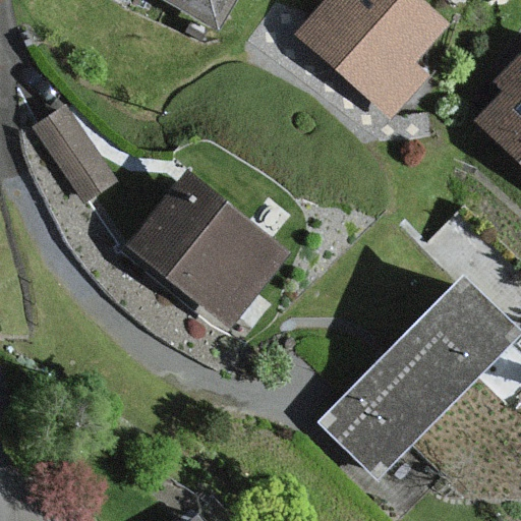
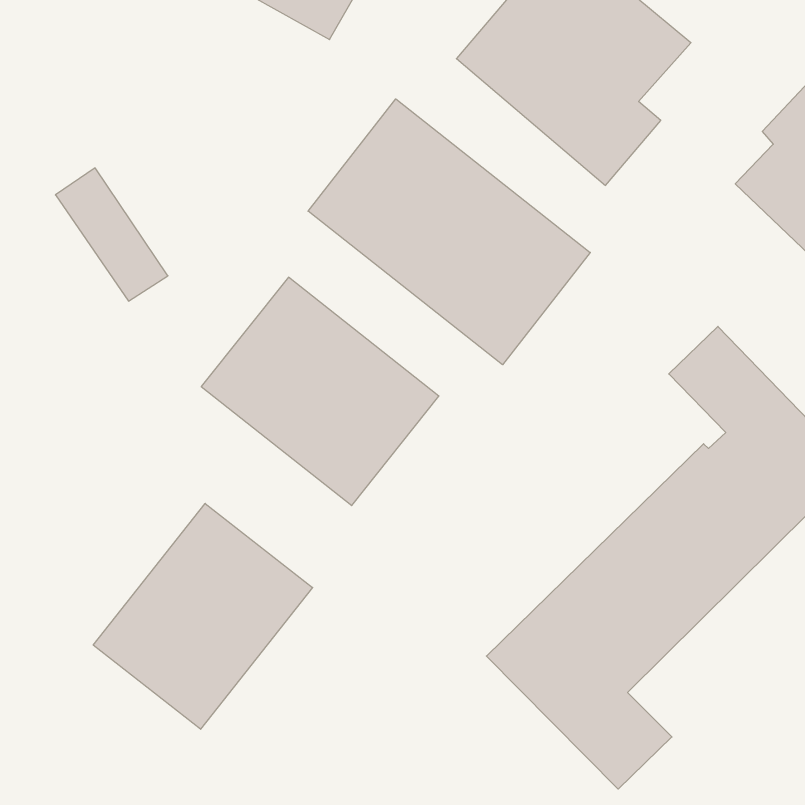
building: none -> [308,99,590,365]
building: none -> [93,503,313,729]

